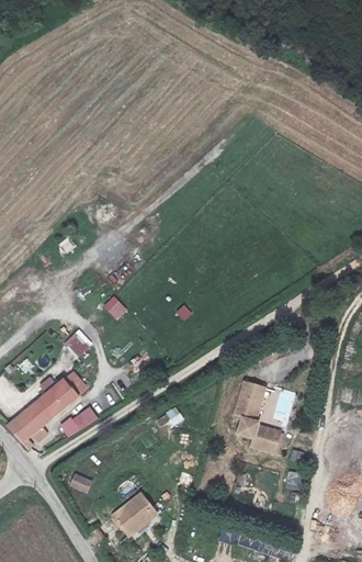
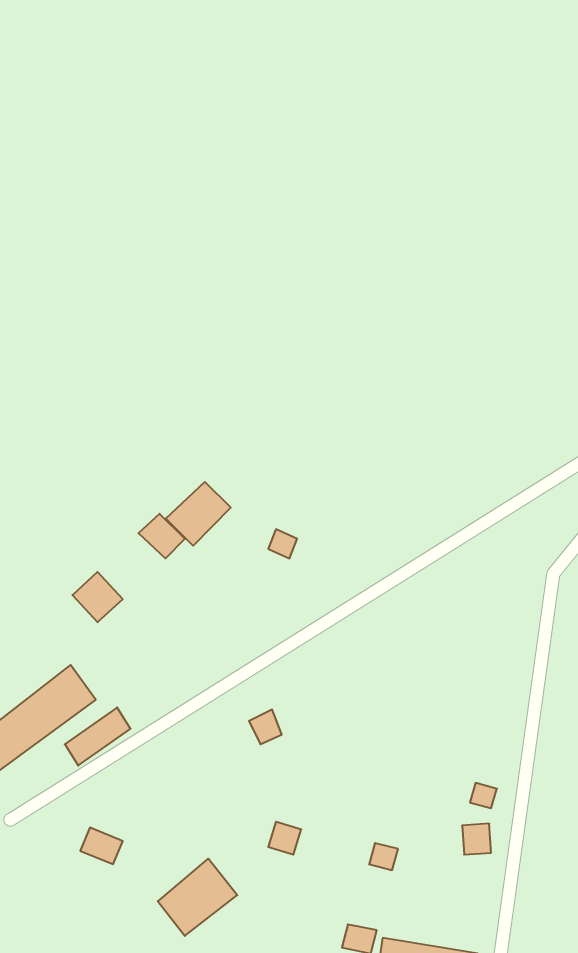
building: none -> [166,482,231,546]
building: [233,382,279,452] -> none

